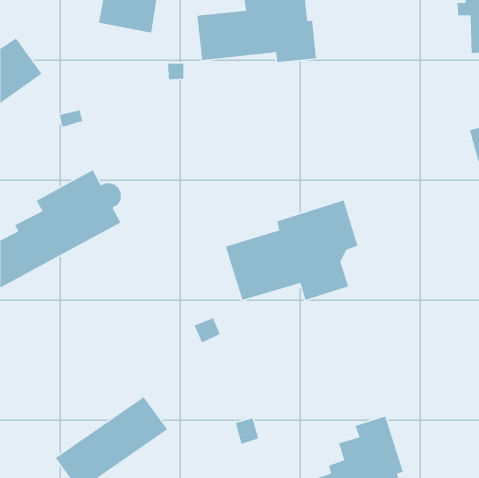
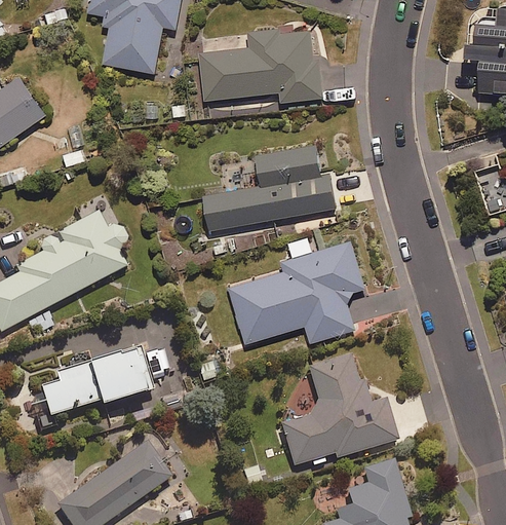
building: none -> [201,144,335,231]
building: none -> [44,347,148,415]
building: none -> [279,354,397,465]

